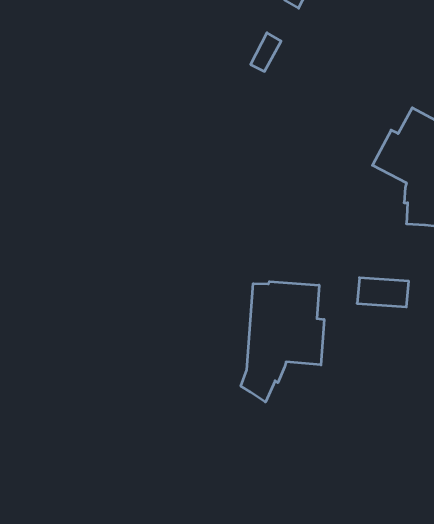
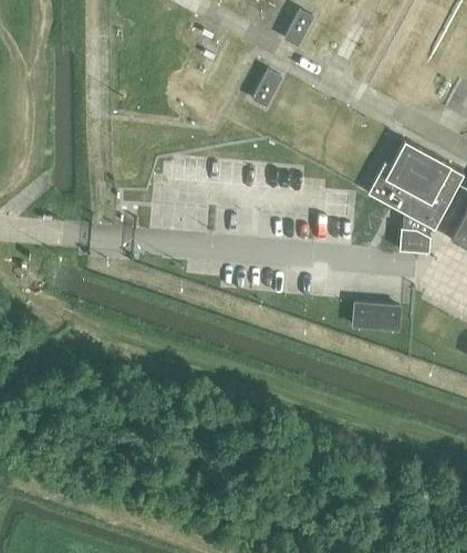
building: [241,282,324,402] -> none

